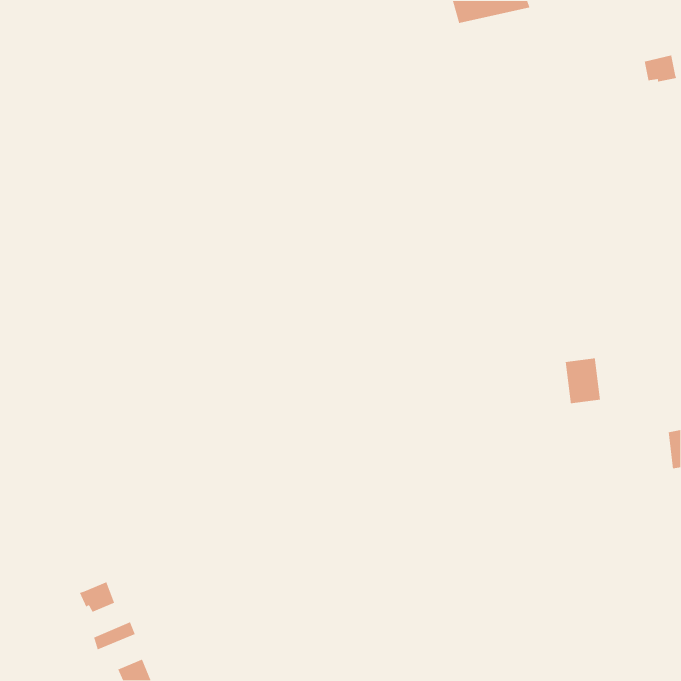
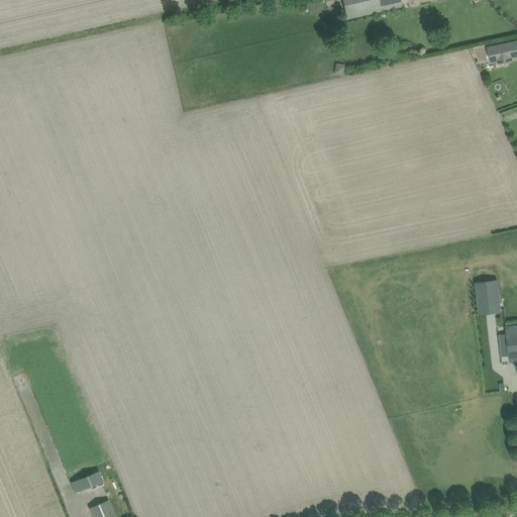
building: [565,358,601,404] -> [475,279,502,314]
building: [79,581,115,613] -> none

